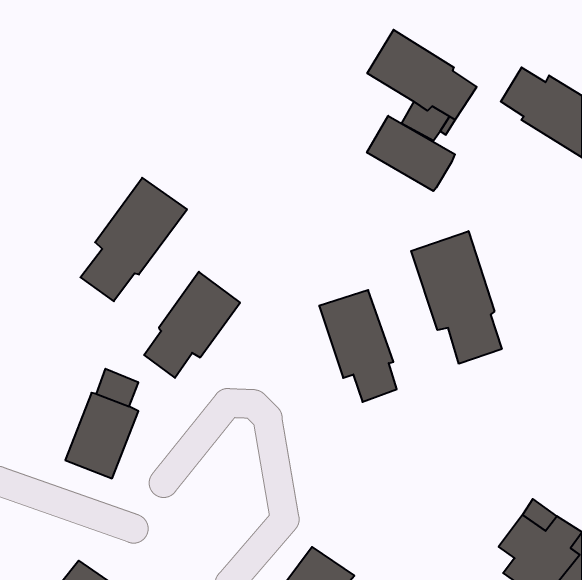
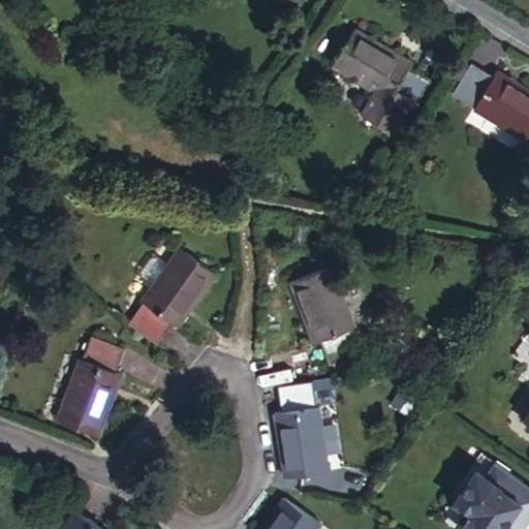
building: [367,116,455,191] -> none
building: [80,178,187,301] -> none
building: [411,231,502,364] -> none
building: none -> [272,381,326,477]

